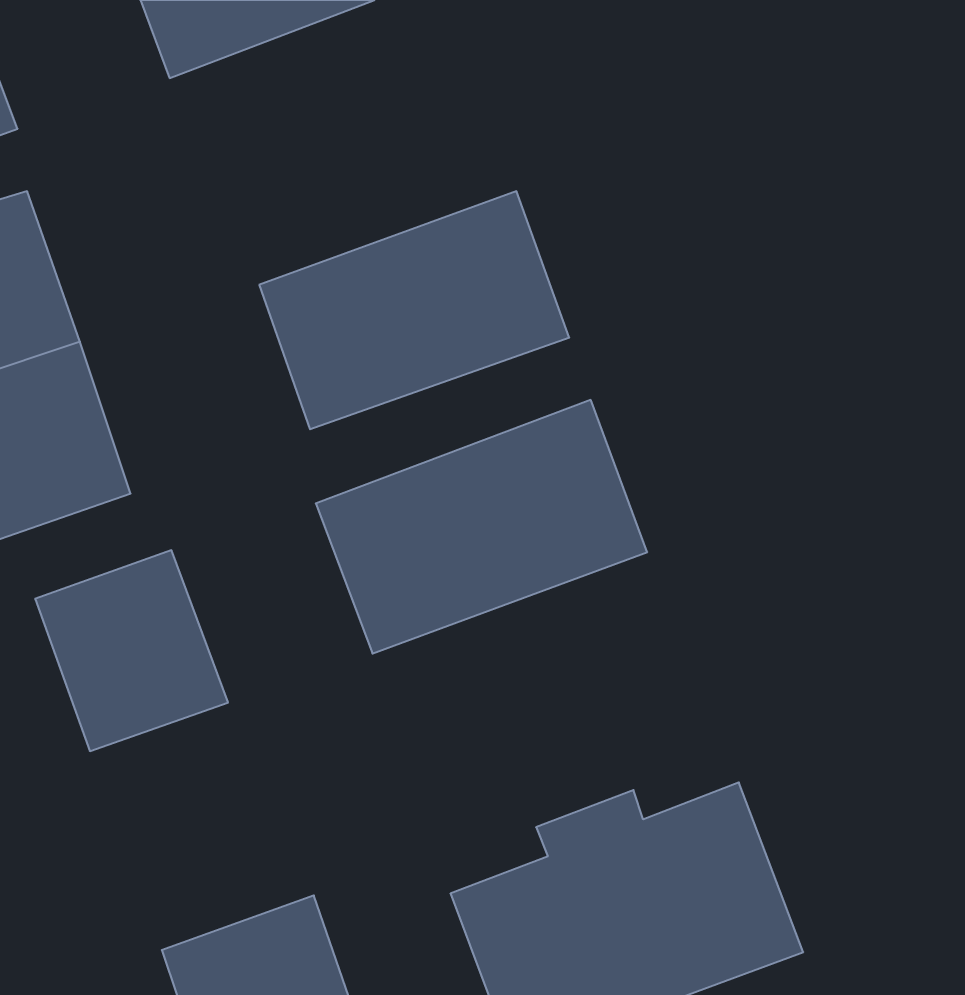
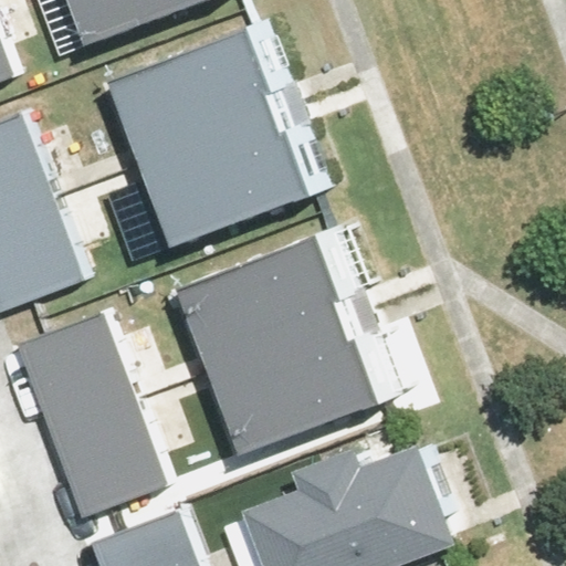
building: none -> [117,27,293,163]
building: none -> [211,314,399,458]
building: none -> [51,399,160,513]

